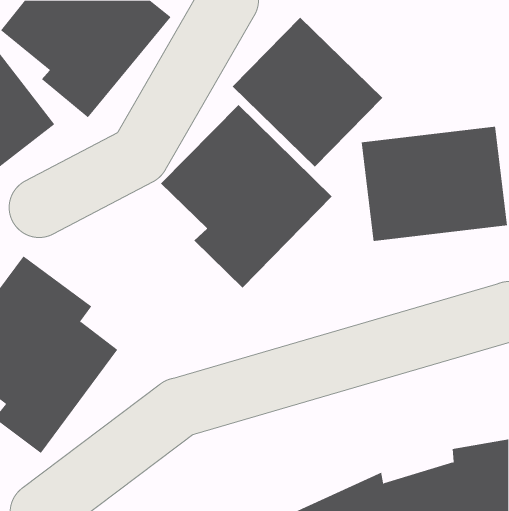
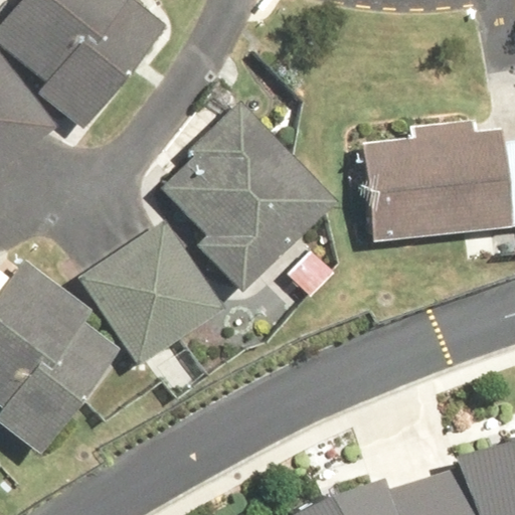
building: [232,17,383,167] -> none
building: none -> [79,218,222,362]

